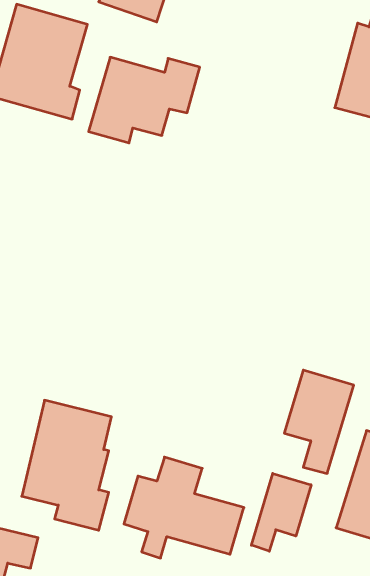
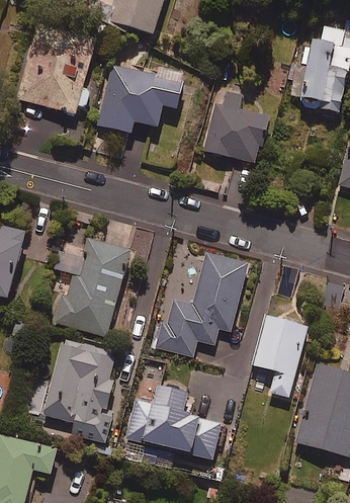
building: none -> [206,89,270,164]
building: none -> [54,238,130,336]
building: none -> [156,252,248,357]
building: [251,473,311,551] -> none

